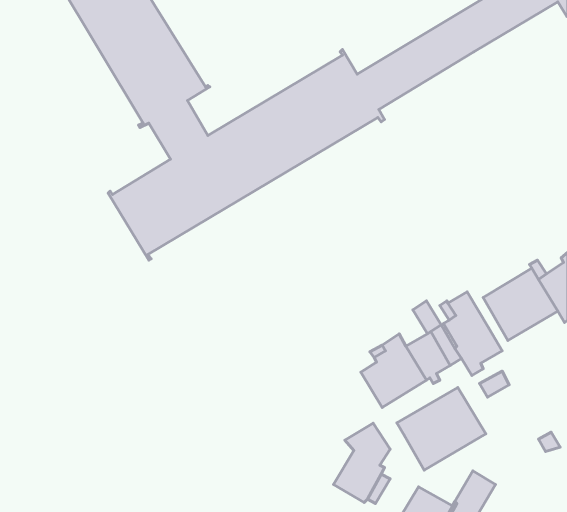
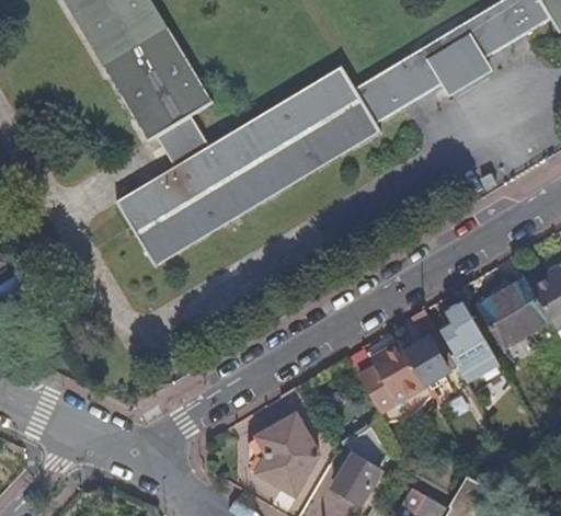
building: [397,388,486,470] -> none
building: none -> [248,416,318,496]

